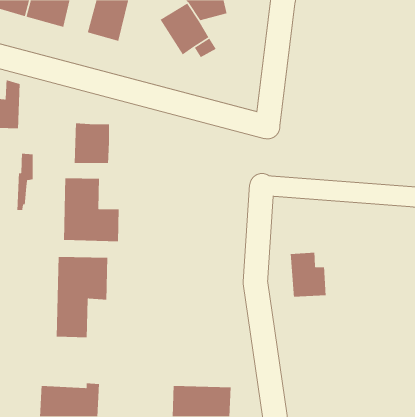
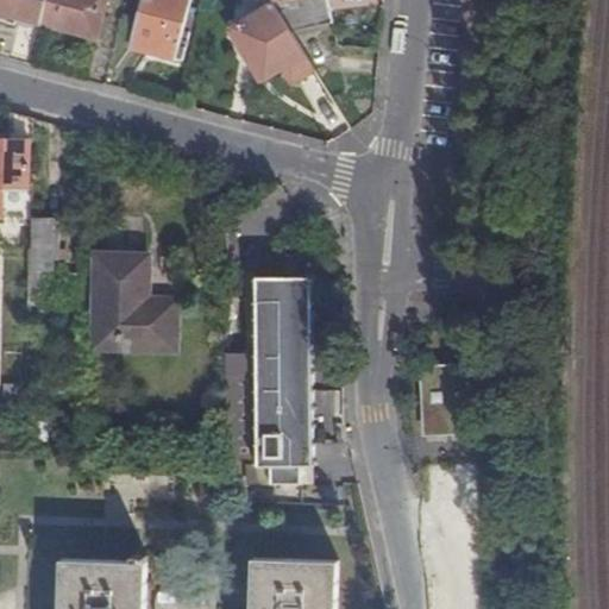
building: [74,122,110,164] -> none
building: none -> [253,278,312,486]
building: [56,256,108,338] -> none

